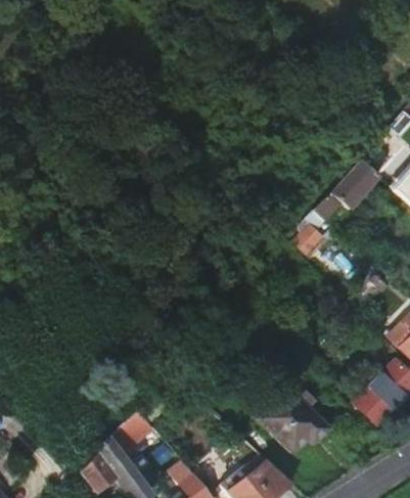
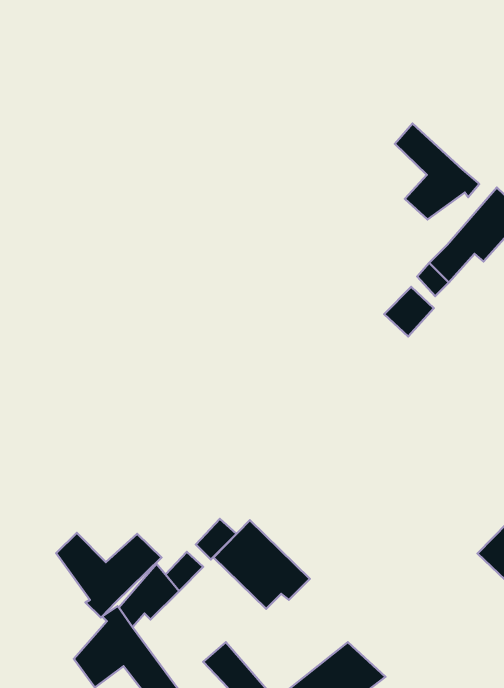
building: none -> [395,124,479,220]
building: [255,381,320,442] -> [214,520,310,609]
building: none -> [56,533,162,618]

